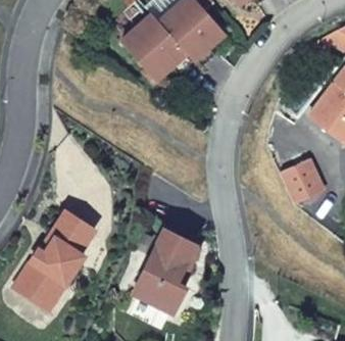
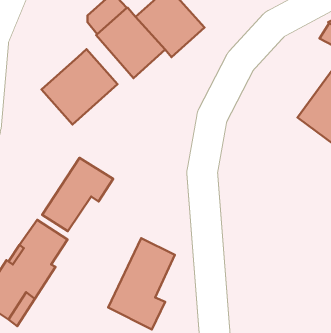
building: none -> [42,49,117,125]
building: none -> [42,158,113,231]
building: [280,160,322,202] -> none

